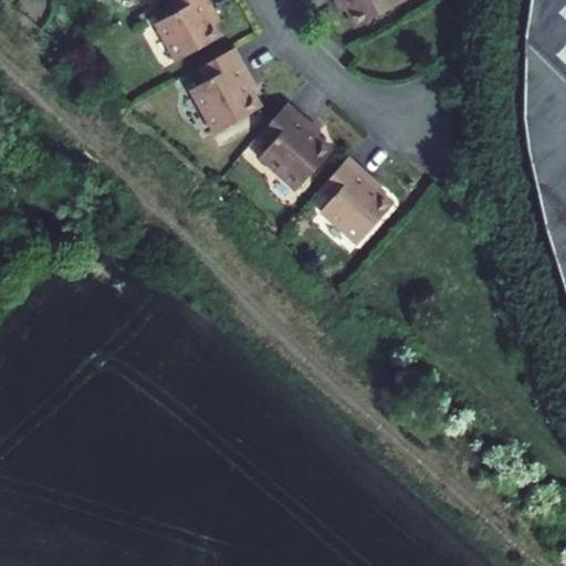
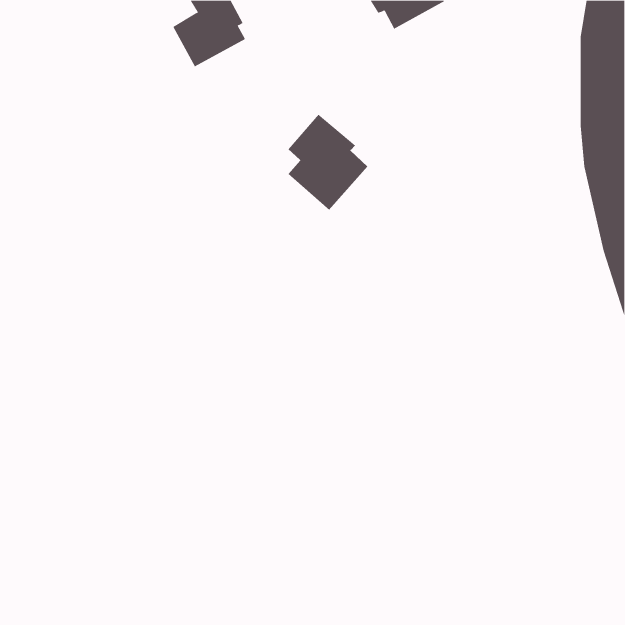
building: [191,48,262,133] -> none
building: [319,156,394,244] -> none

